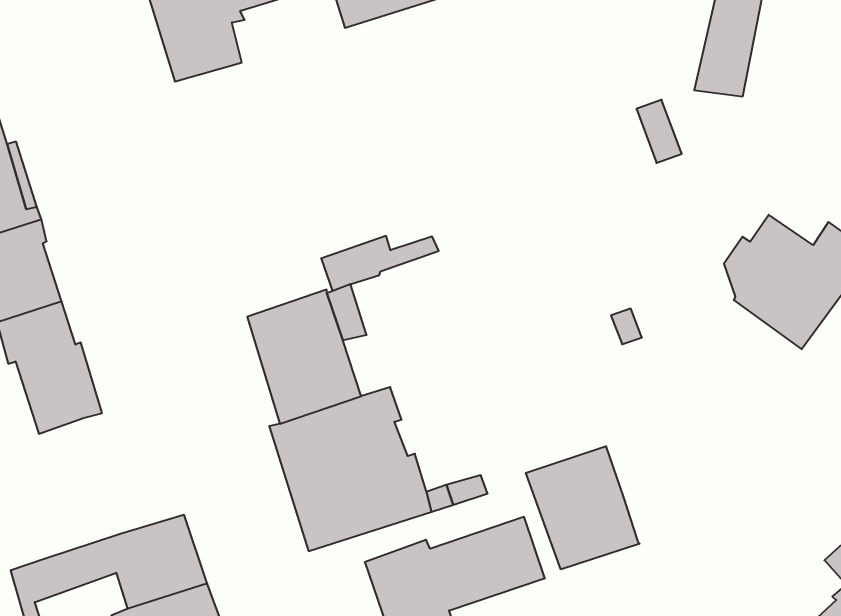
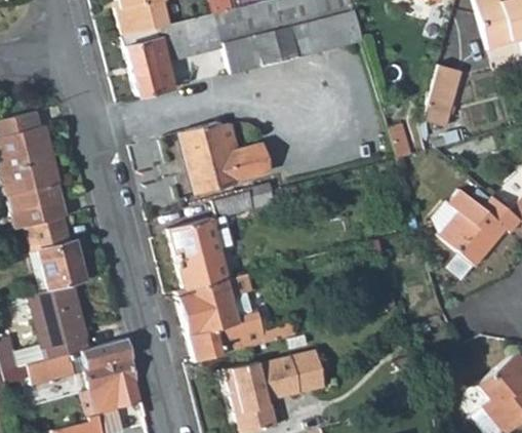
building: none -> [176,121,267,194]
building: none -> [32,280,90,357]
building: [526,446,640,569] -> none

